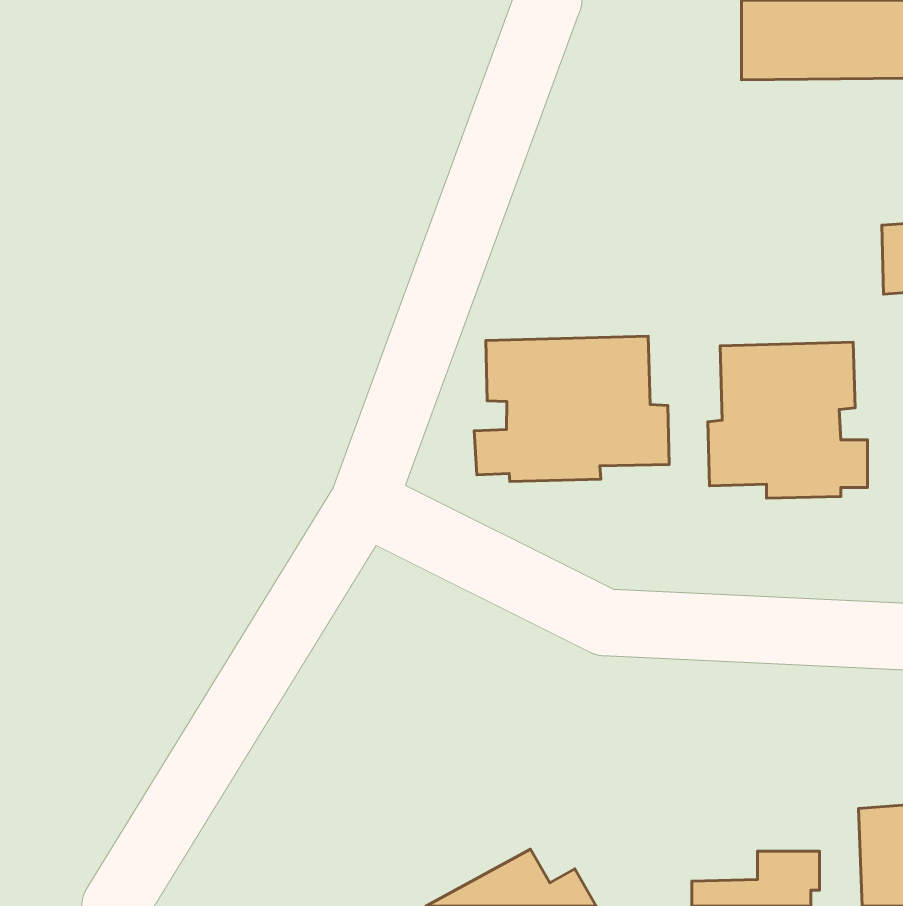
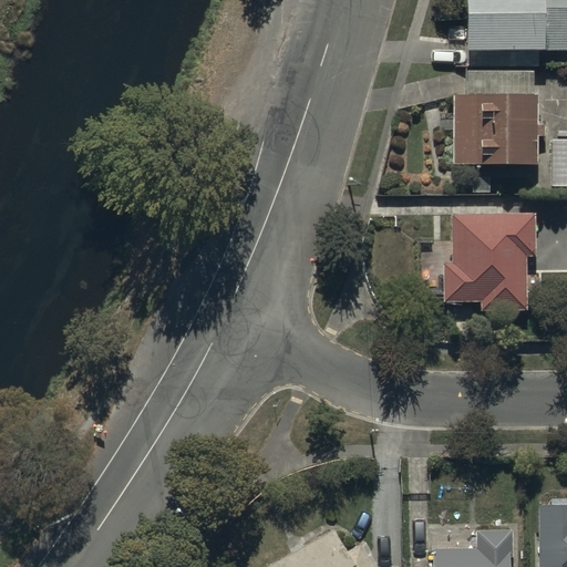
building: none -> [453,70,545,165]
building: [474,336,669,482] -> none

